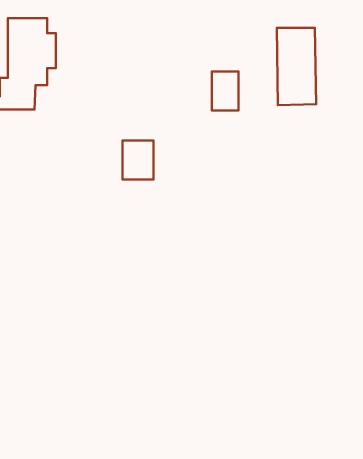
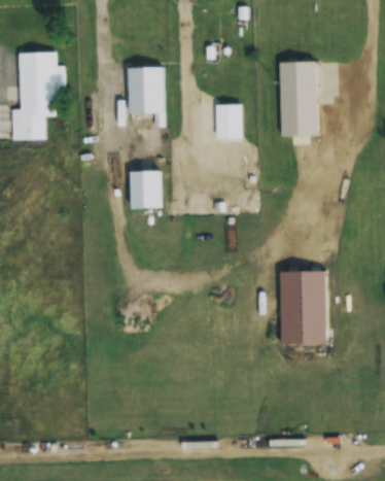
building: none -> [128,66,164,127]
building: none -> [280,270,326,343]

